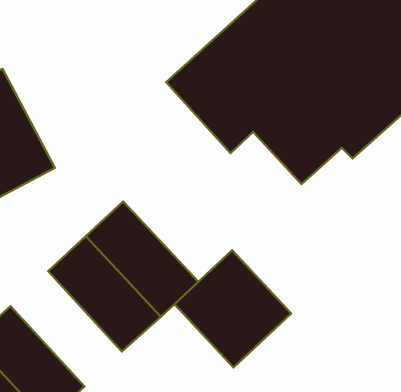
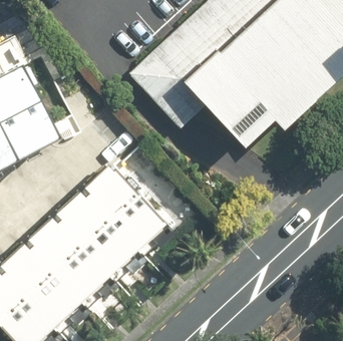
building: [174,250,291,368] -> none
building: none -> [25,216,108,302]

